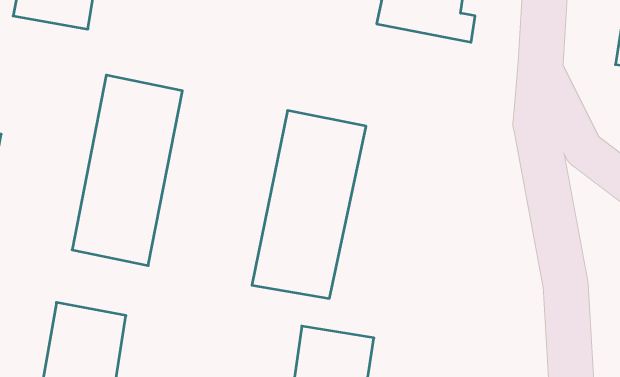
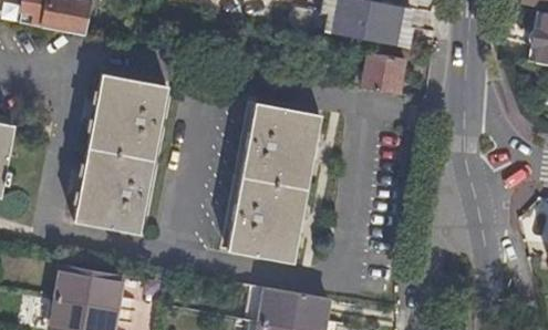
building: none -> [362,51,405,94]

